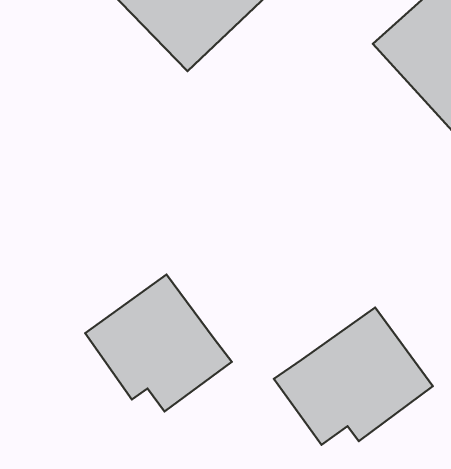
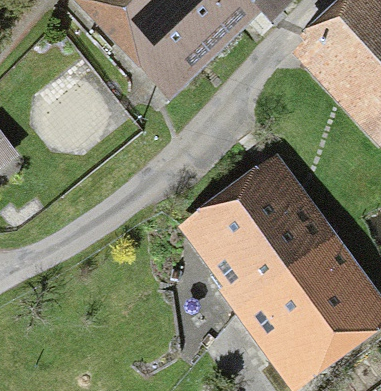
building: none -> [208,185,317,297]
building: [85,275,232,411] -> none

